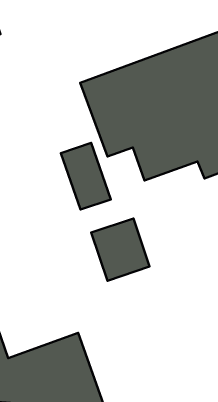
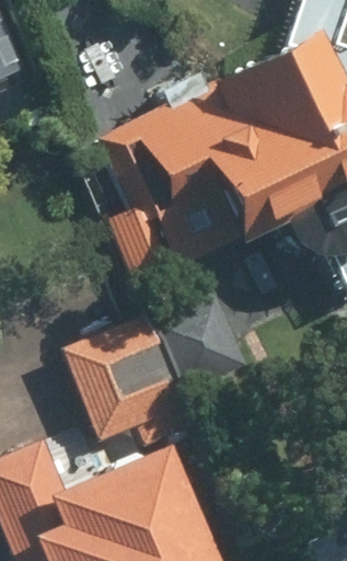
building: none -> [63,316,188,443]

